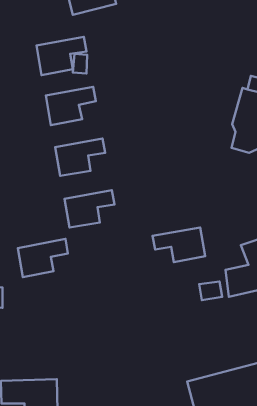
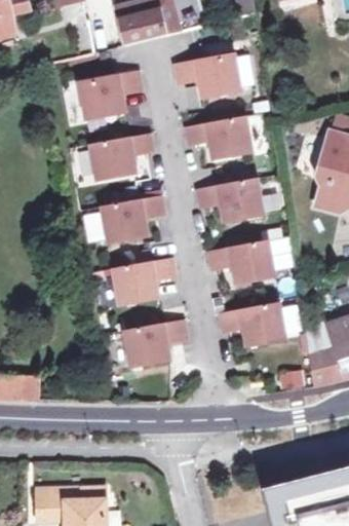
building: none -> [174,54,239,97]
building: none -> [186,115,249,157]
building: none -> [197,178,261,220]
building: none -> [208,240,272,283]
building: [18,239,68,277] -> [124,320,185,366]

